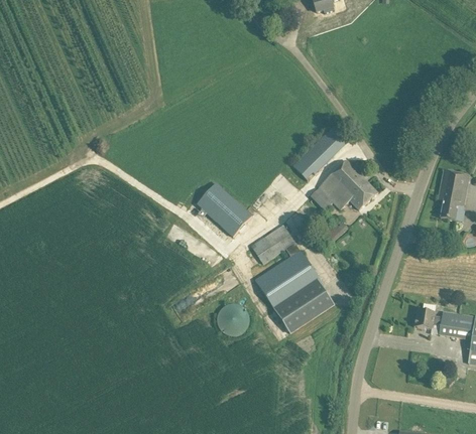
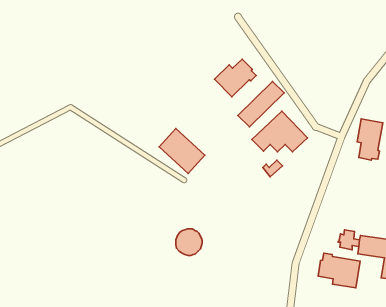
building: none -> [214,59,256,97]
building: [250,224,333,332] -> none
building: none -> [318,253,360,288]

